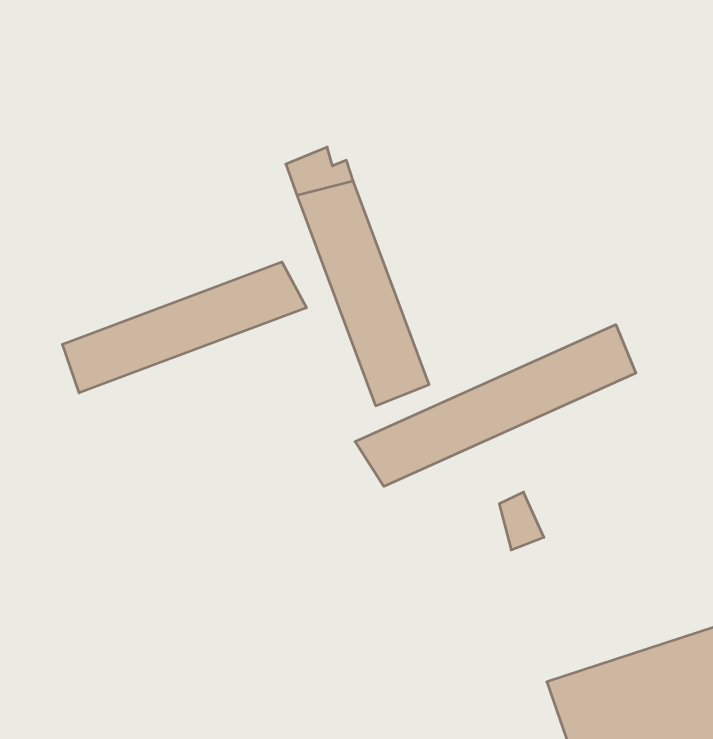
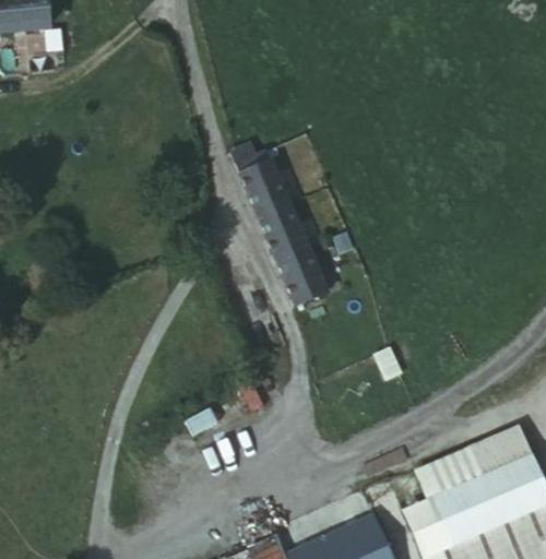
building: [62,262,306,393] -> none
building: [355,325,636,486] -> none

